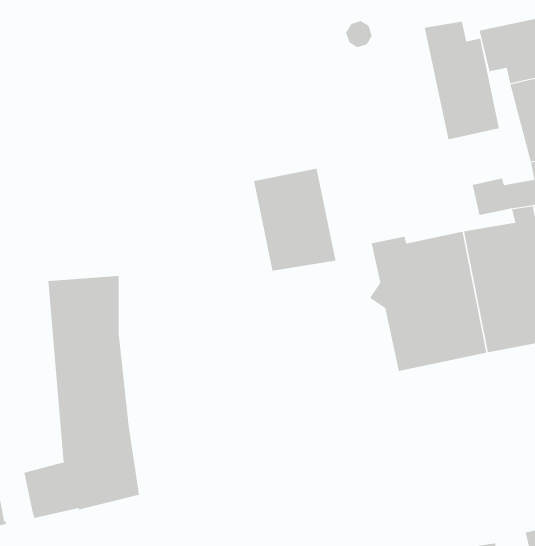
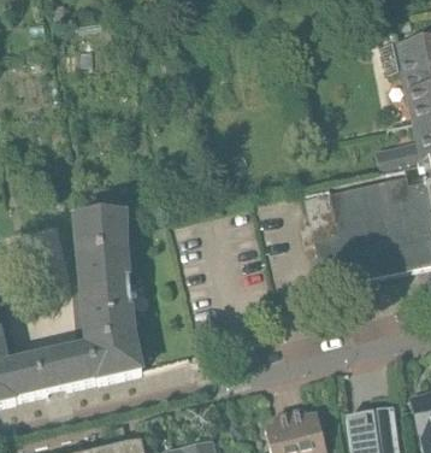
building: [424,21,499,140] -> none
building: [253,168,336,272] -> none

